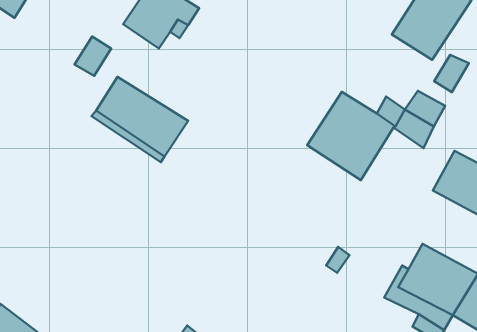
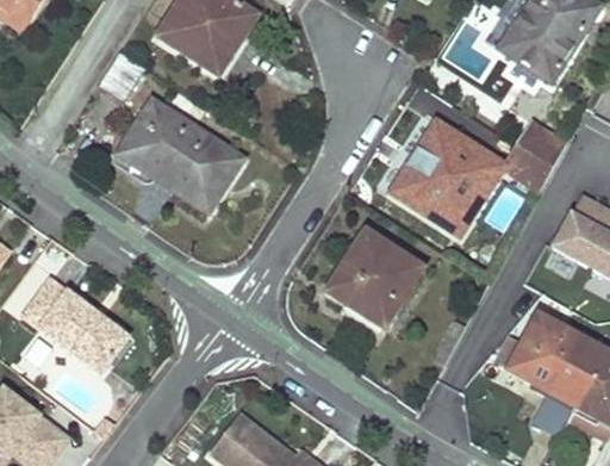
building: [434,55,469,92] -> none
building: none -> [328,231,421,327]
building: none -> [23,278,129,374]

